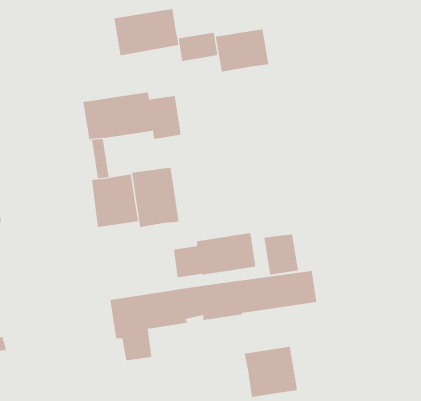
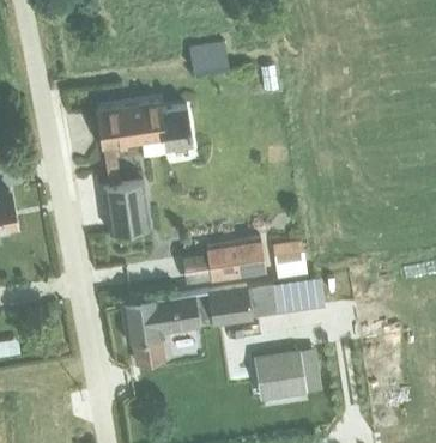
building: [114,8,179,56] -> none
building: [215,29,269,73] -> none
building: [132,167,179,228] -> none

